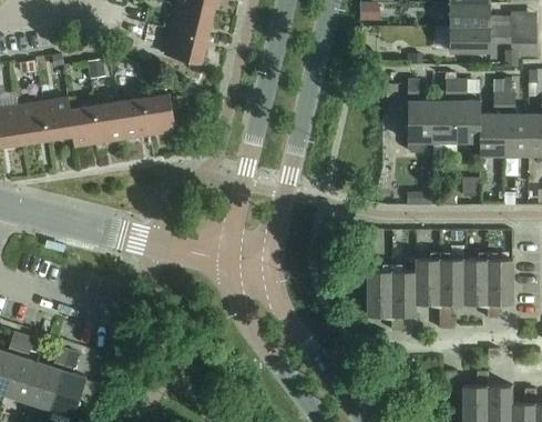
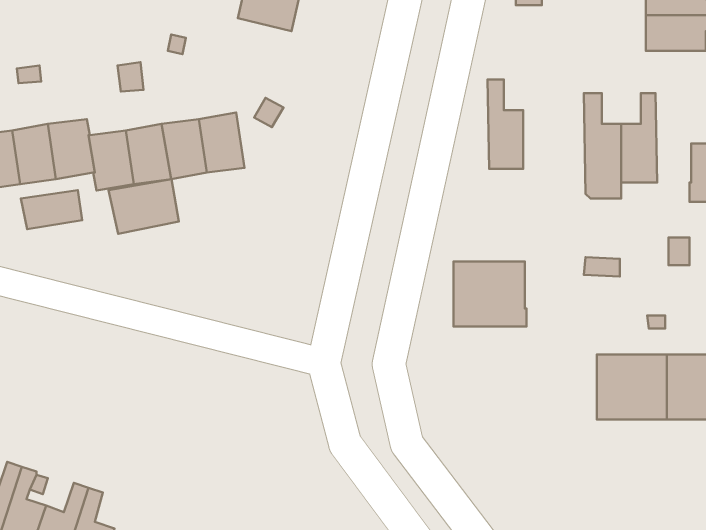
building: [164,30,207,64] -> none
building: [456,81,480,142] -> [488,79,523,169]
building: none -> [109,179,179,234]
building: none -> [21,190,82,229]
building: [367,272,417,316] -> [453,262,527,327]

